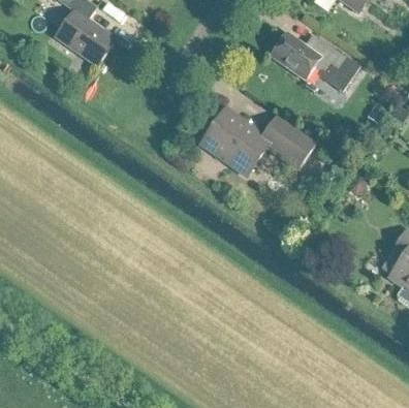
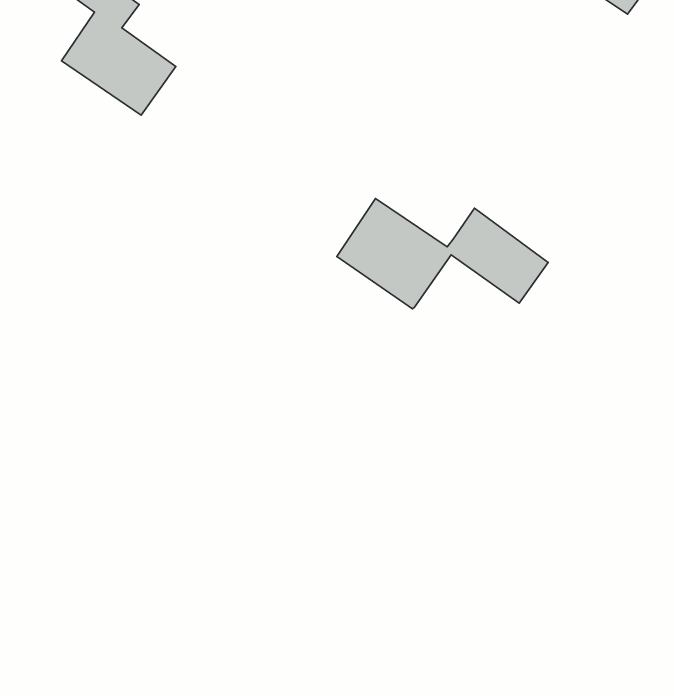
building: [271,32,358,91] -> none

